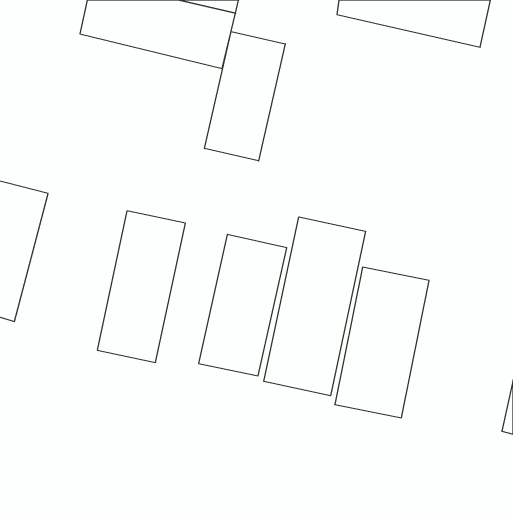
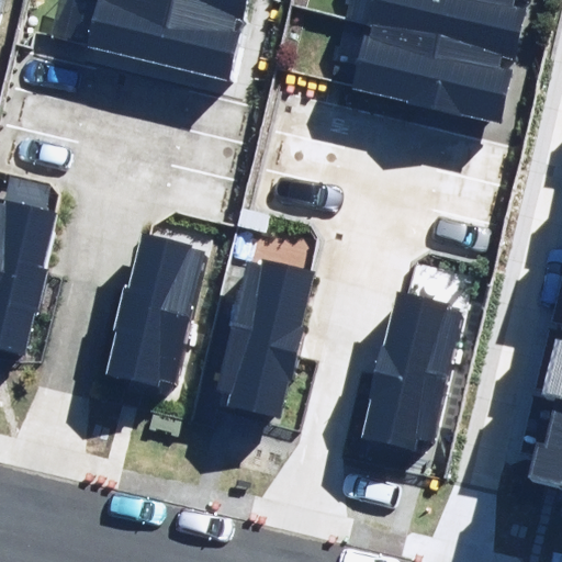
building: none -> [347,24,515,120]
building: [205,31,285,161] -> none
building: [264,217,365,396] -> none

